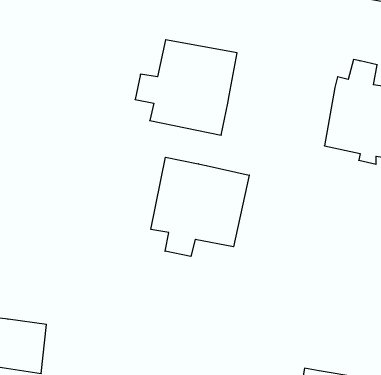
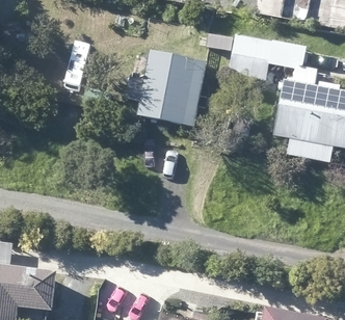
building: none -> [229,33,271,77]
building: [151,157,249,256] -> none

